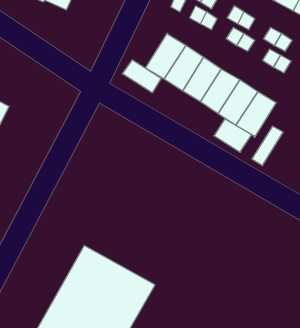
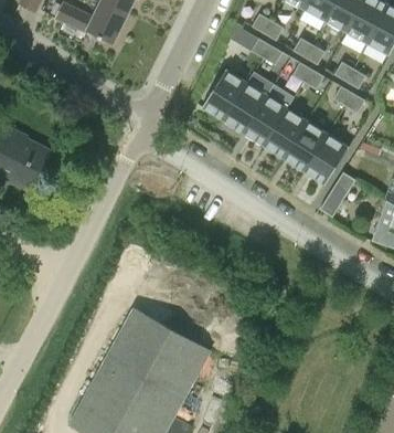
building: [122,60,161,93] -> none
building: [214,119,251,152] -> none

